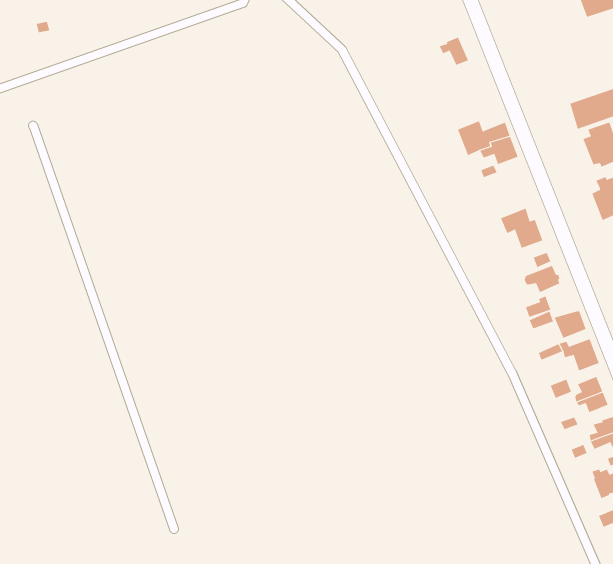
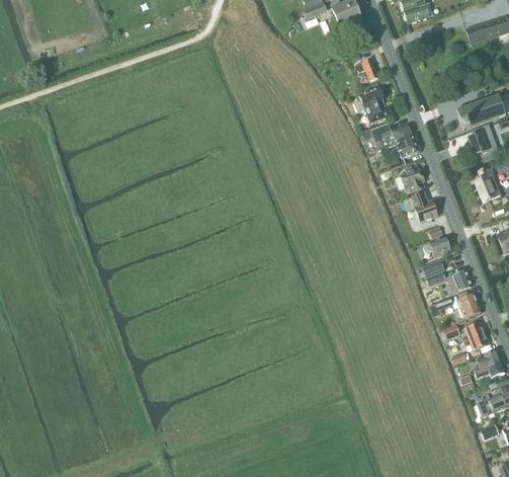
building: none -> [354,86,395,122]
building: none -> [400,167,424,191]

